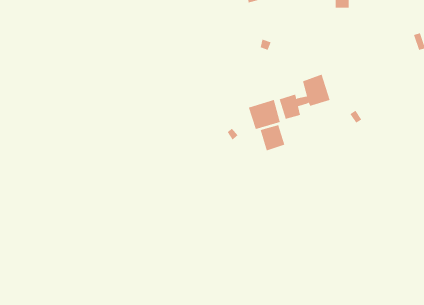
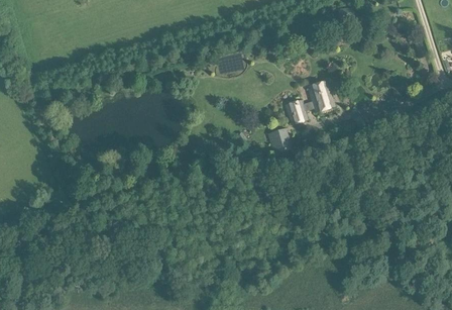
building: [248,99,280,130] -> none

